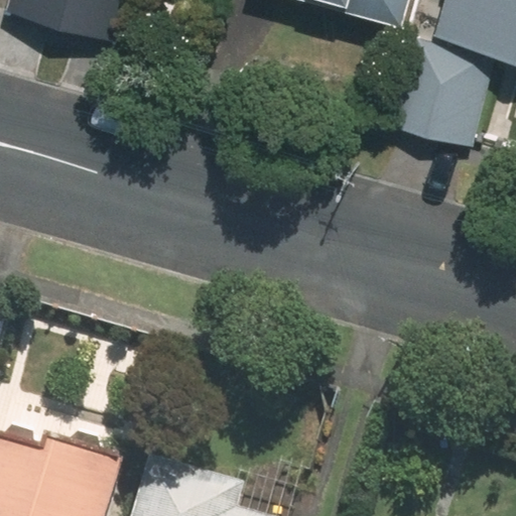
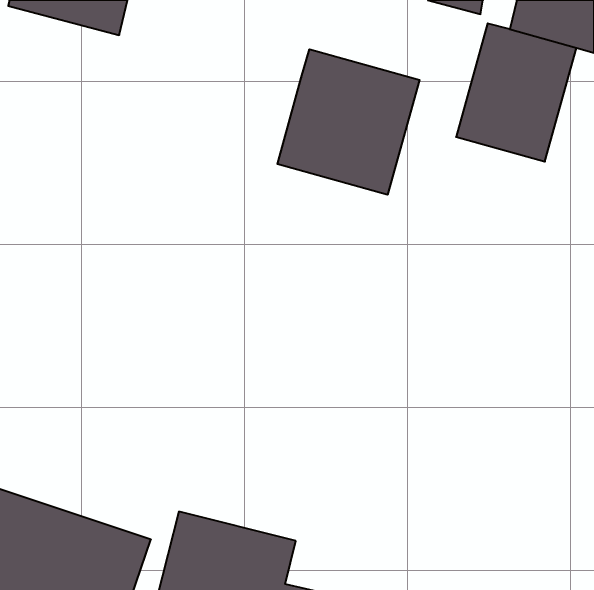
building: none -> [277,49,420,195]

